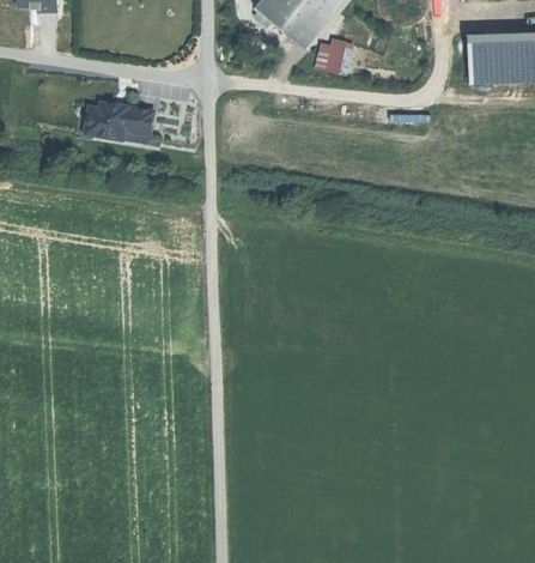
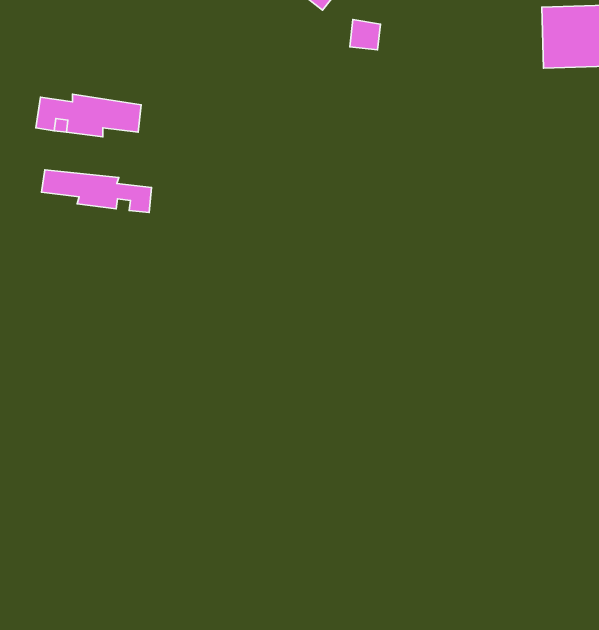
building: none -> [42,170,151,212]

